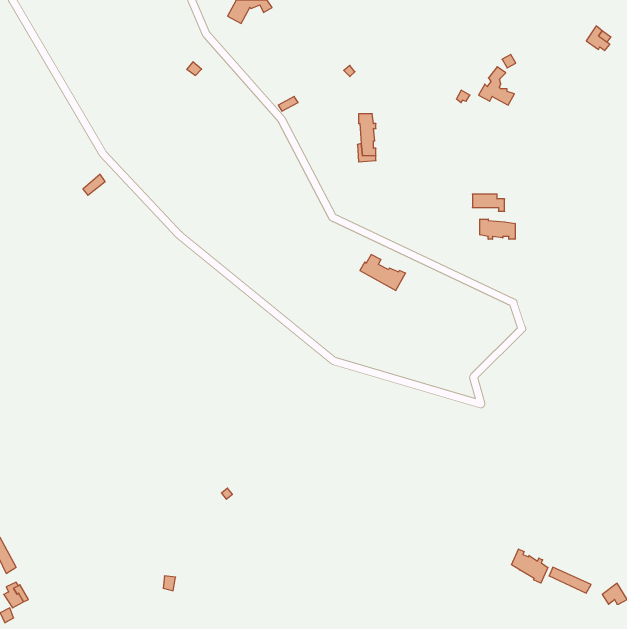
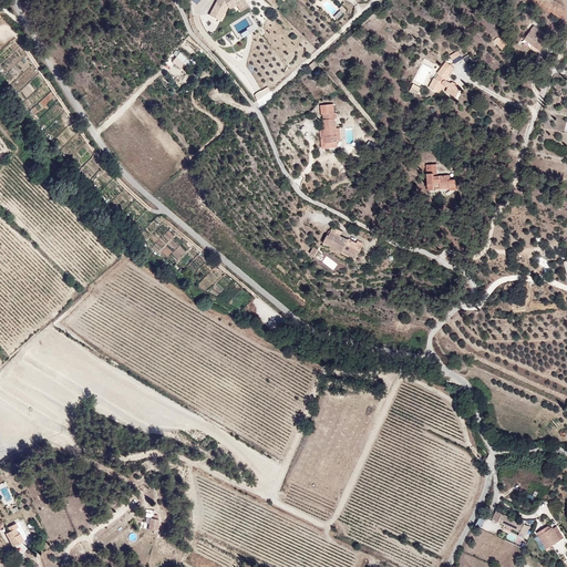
building: [480,219,515,239] -> none
building: [512,549,548,583] -> none

